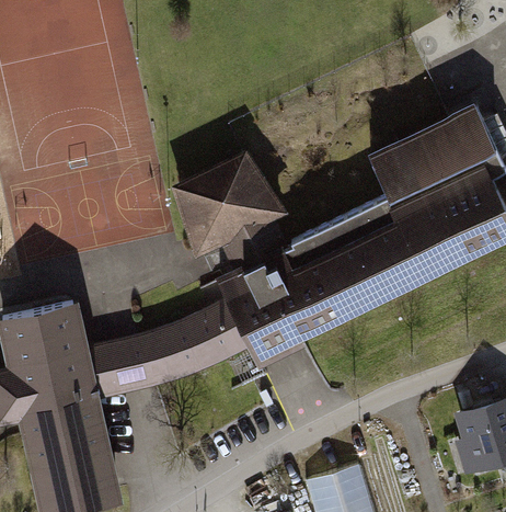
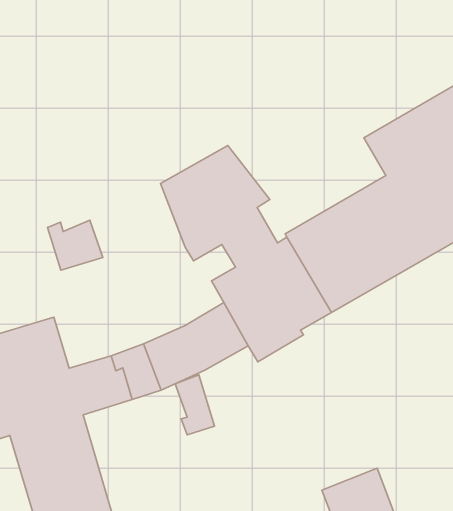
building: none -> [48,220,103,270]
building: none -> [175,375,214,435]

